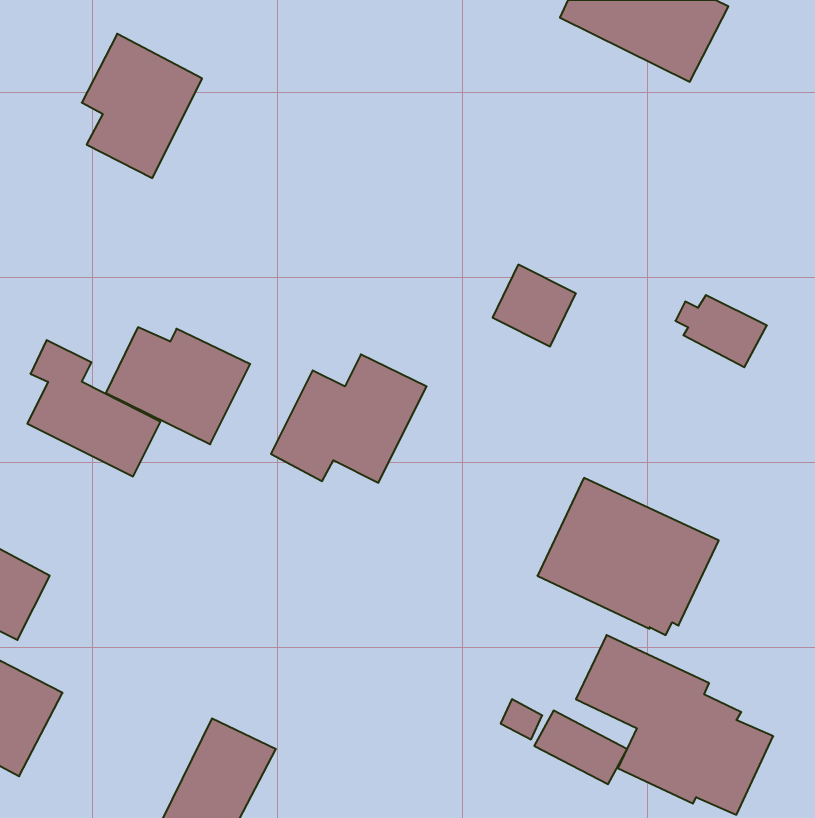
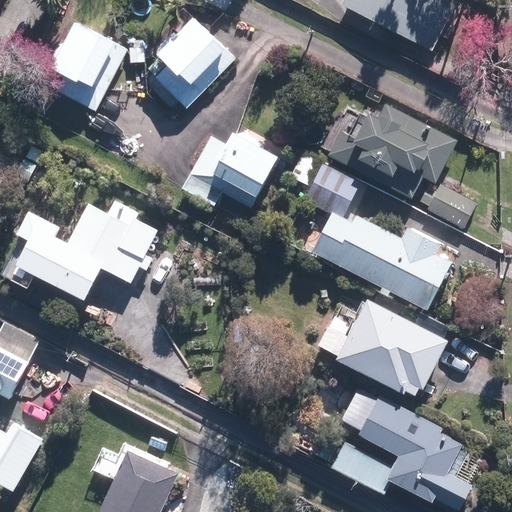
building: none -> [148,18,233,109]
building: none -> [328,105,456,199]
building: none -> [313,214,451,309]
building: [271,354,427,483] -> [183,126,280,206]

